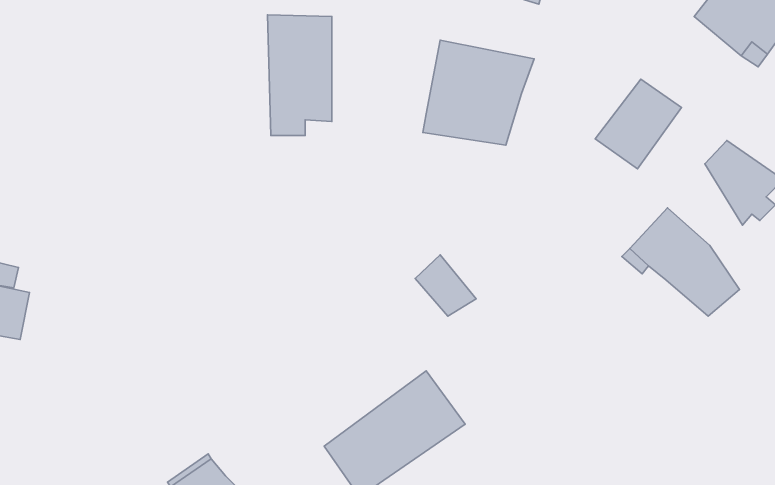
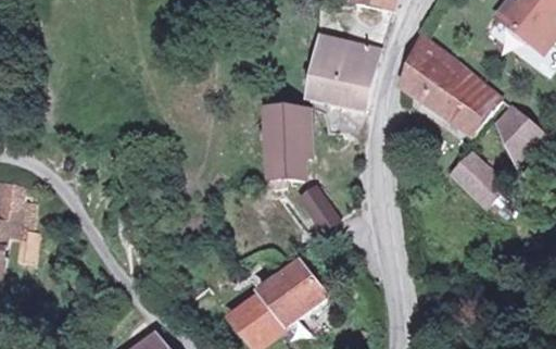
building: [268,15,332,136] -> [256,103,301,187]
building: none -> [405,36,455,102]
building: none -> [453,80,503,137]

